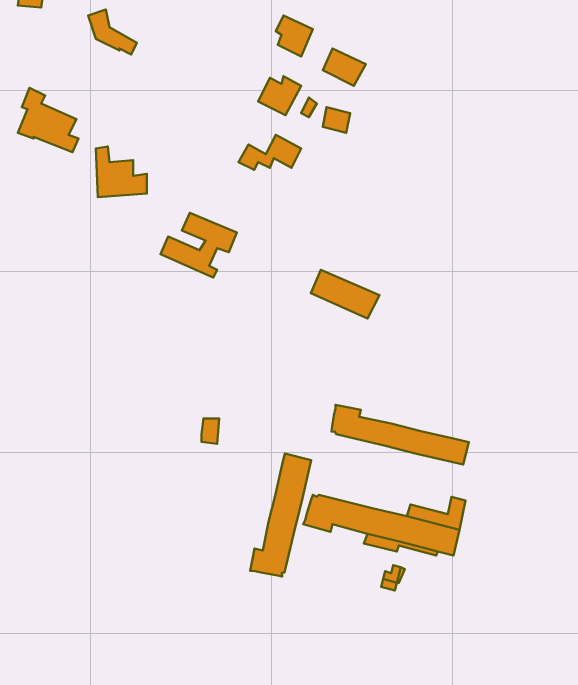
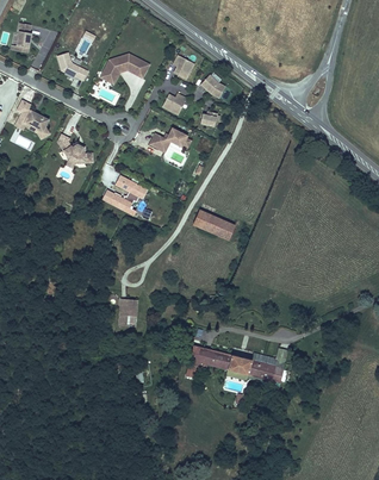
building: none -> [102,54,149,79]
building: [331,405,469,464] -> none
building: [250,453,311,576] -> none

